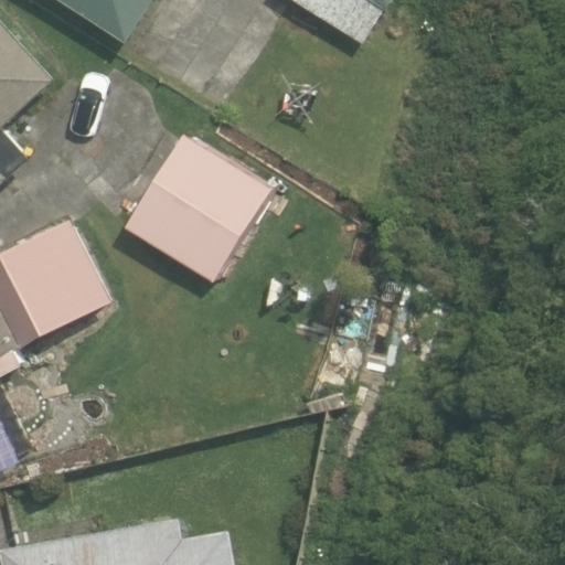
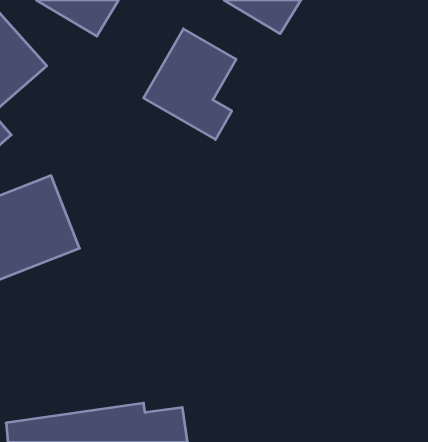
building: [127,136,245,277] -> [144,29,236,140]

